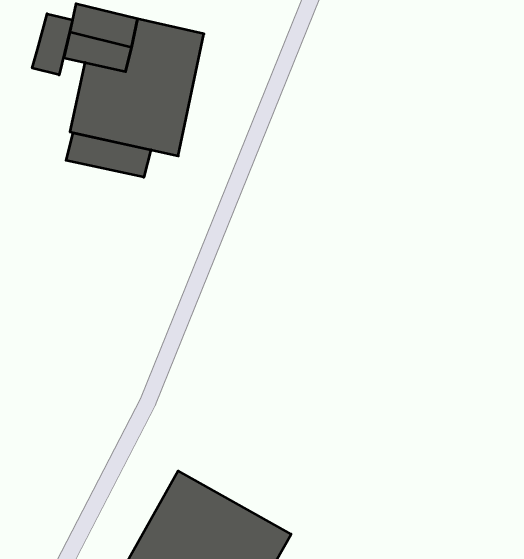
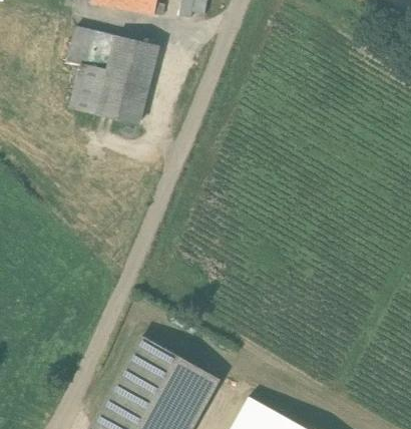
building: [32,14,73,75] -> none
building: [66,133,151,177] -> none

